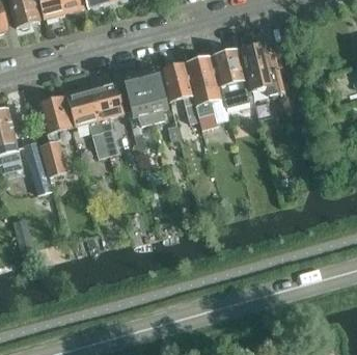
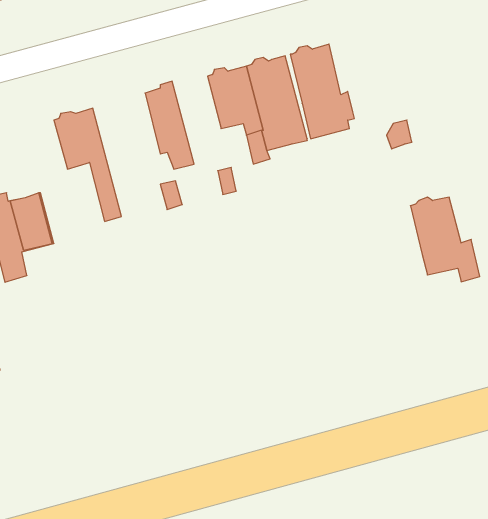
building: [241,43,283,94] -> [410,197,480,282]
building: [140,70,168,122] -> none
building: [91,81,123,155] -> none
building: [39,95,72,143] -> none

